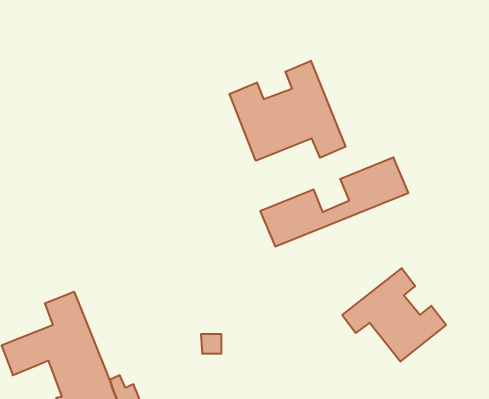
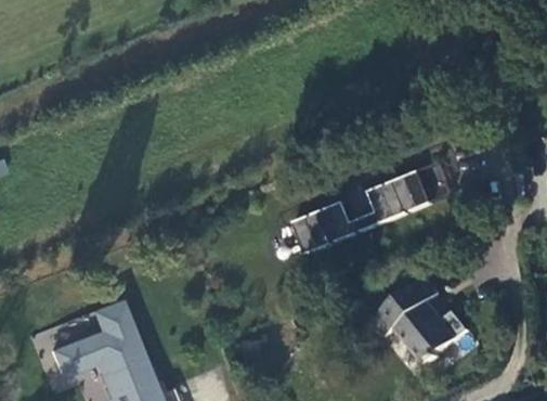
building: [230,61,345,161] -> none

